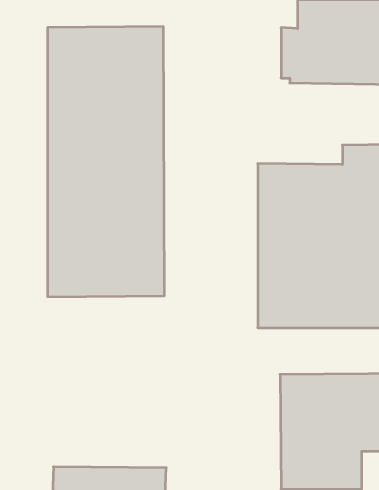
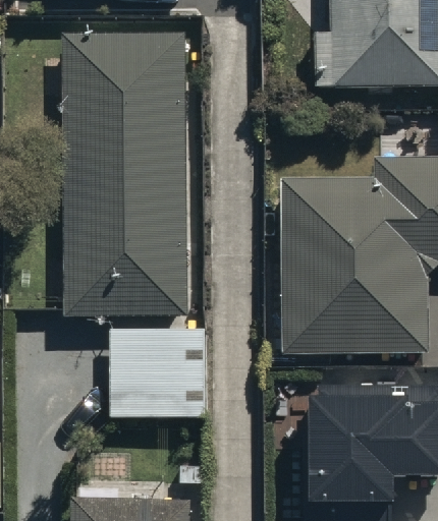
building: none -> [108,326,205,417]

